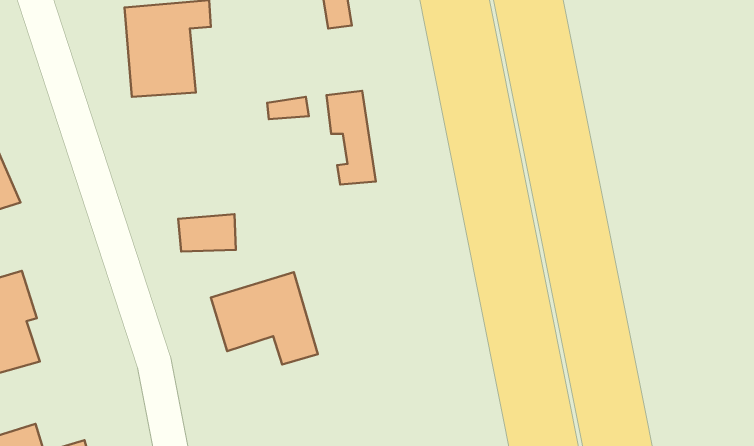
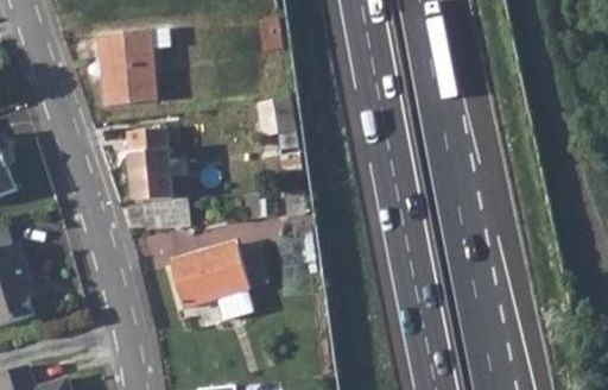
building: none -> [128,131,175,201]

